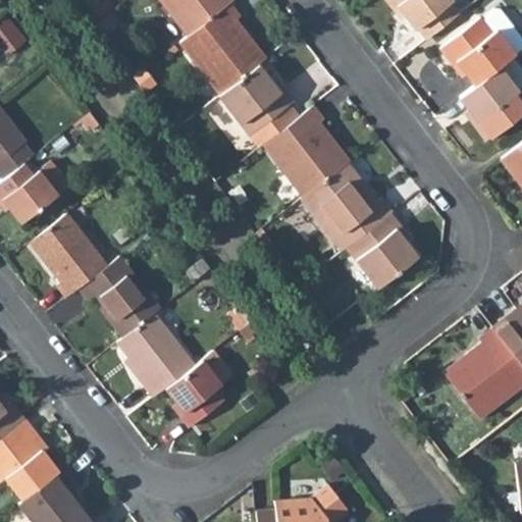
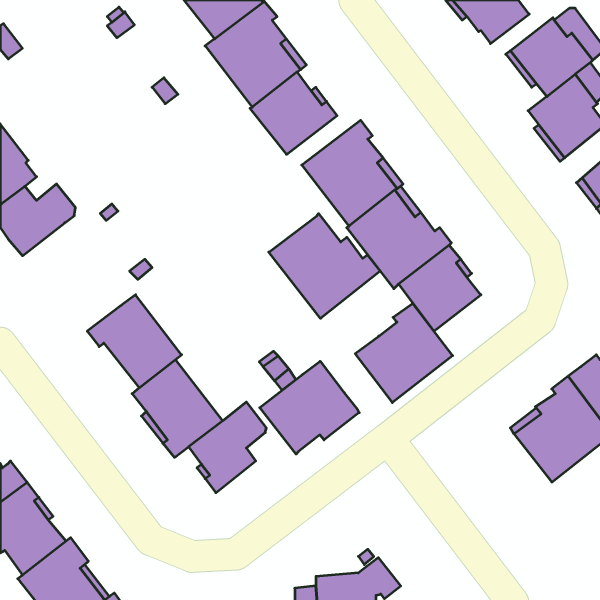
building: none -> [269,214,380,318]
building: [30,213,107,298] -> none
building: none -> [355,303,453,403]
building: none -> [260,361,359,454]

